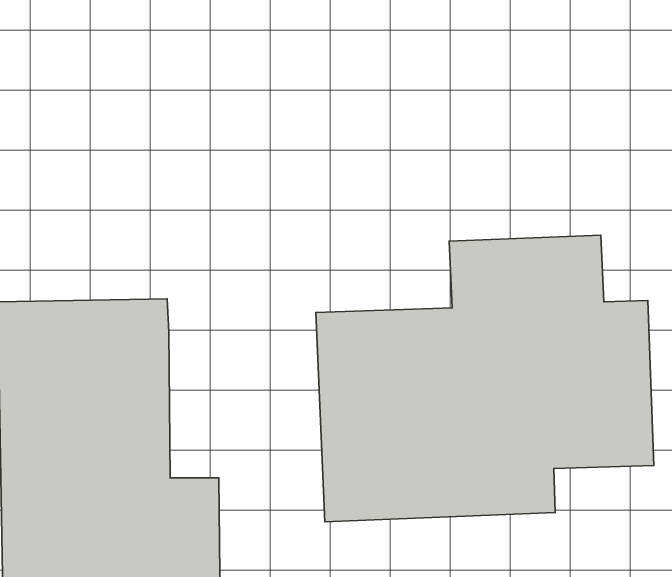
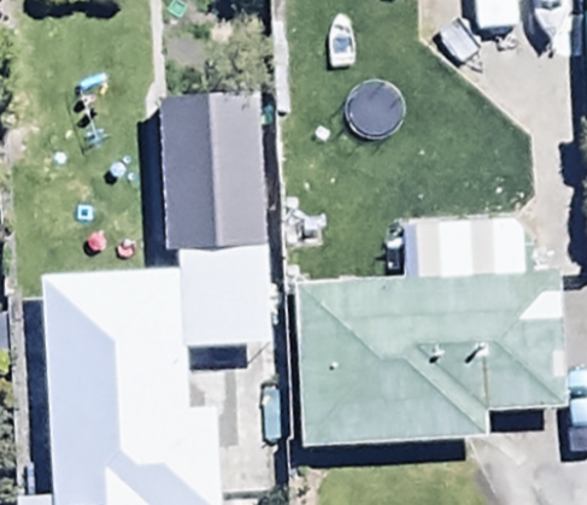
building: none -> [175,127,287,295]

